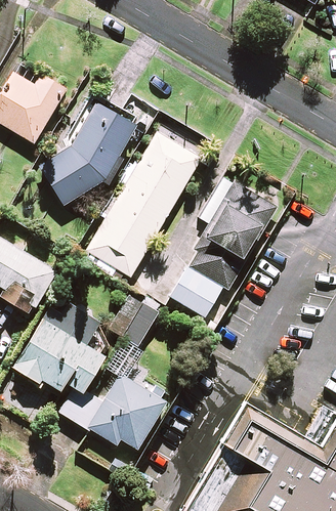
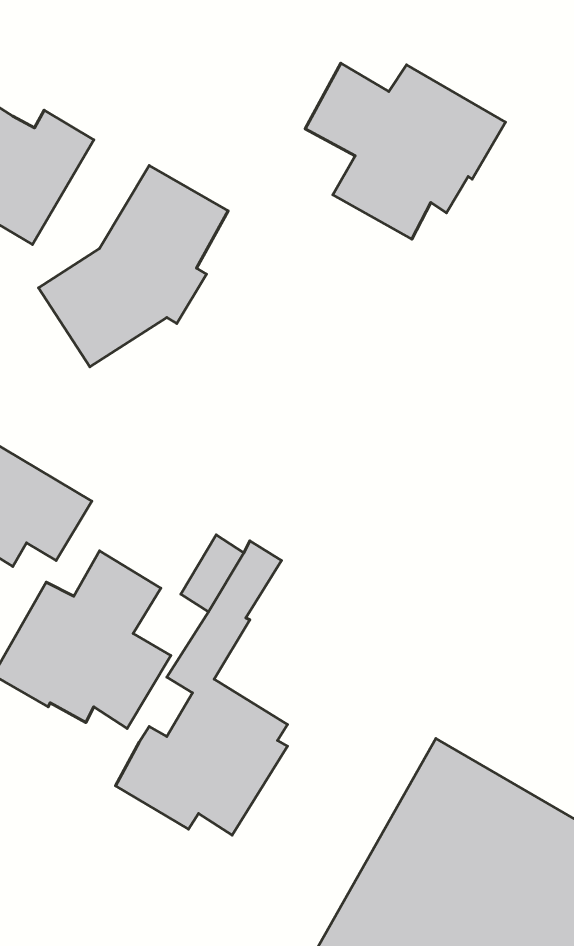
building: none -> [305,63,505,239]
building: [87,129,202,278] -> none
building: [172,177,274,316] -> none

